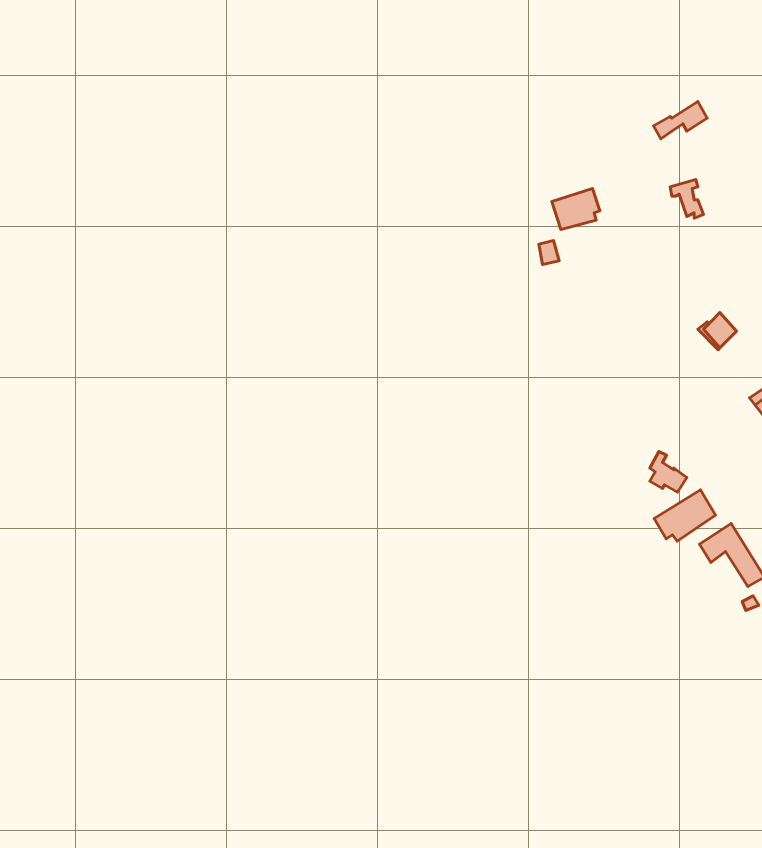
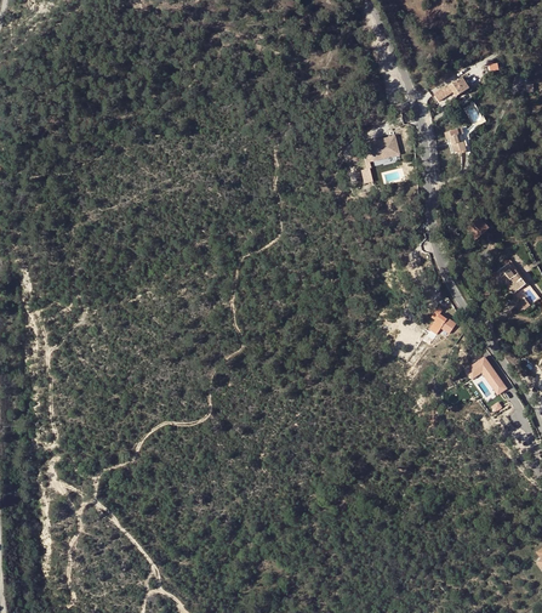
building: [654,490,716,541] -> none

